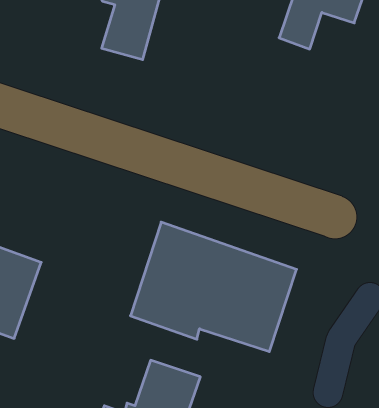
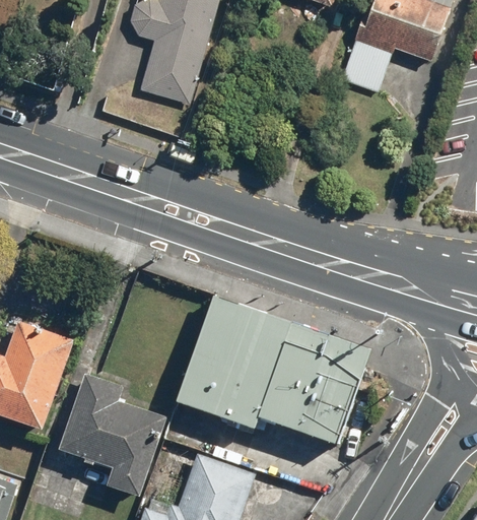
building: none -> [58,374,166,496]

